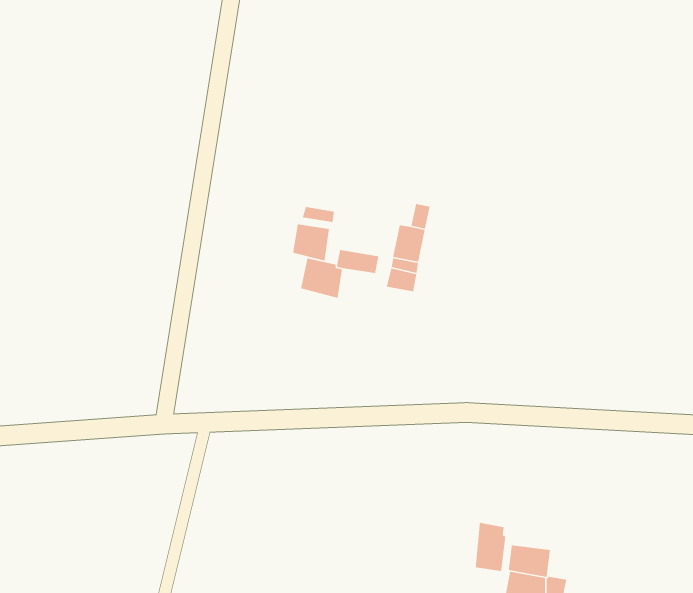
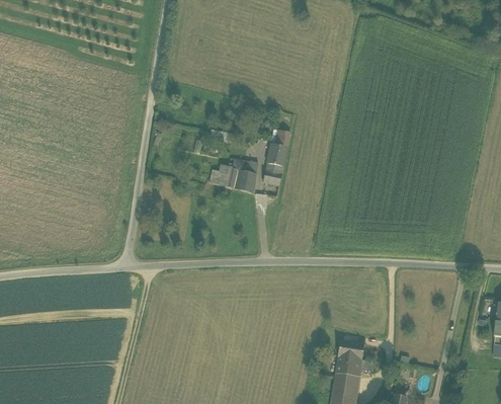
building: [292,224,330,262] -> [234,170,257,193]
building: [475,522,506,572] -> none

